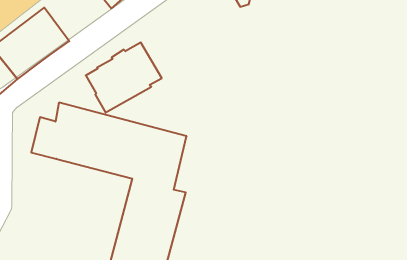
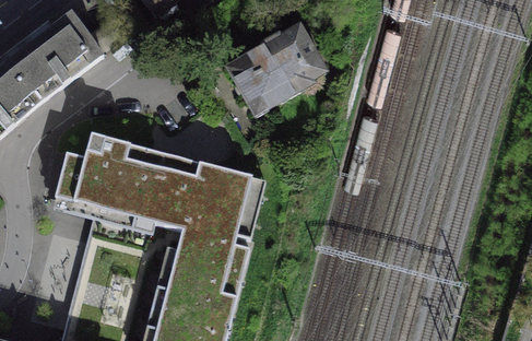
building: [86,43,162,113] -> [228,25,324,114]

